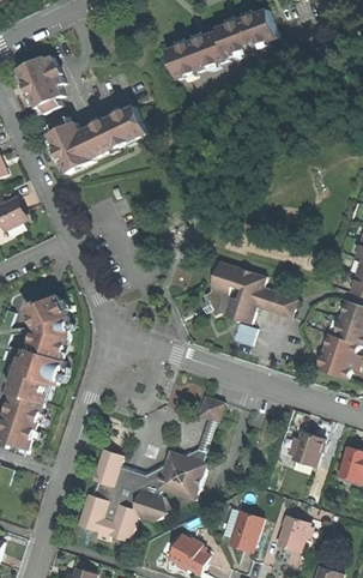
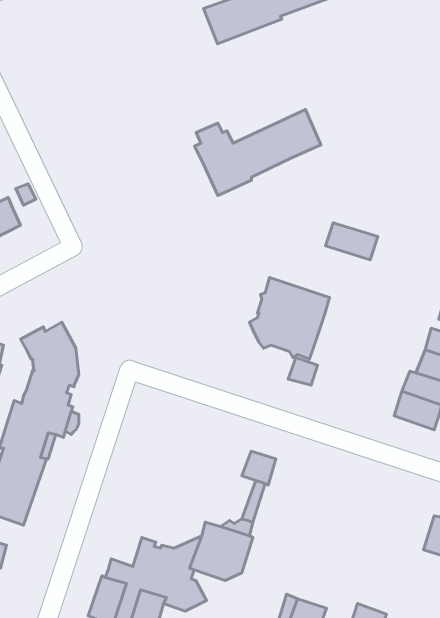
building: [17,55,63,113] -> none
building: [48,106,146,173] -> [195,109,321,196]
building: [255,288,296,317] -> [326,223,378,260]
building: [291,432,322,465] -> none
building: [92,448,122,486] -> none

